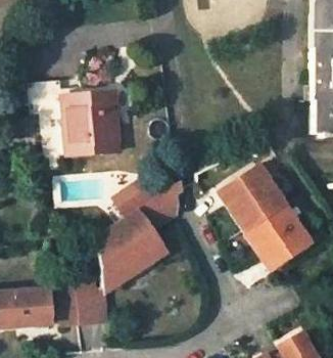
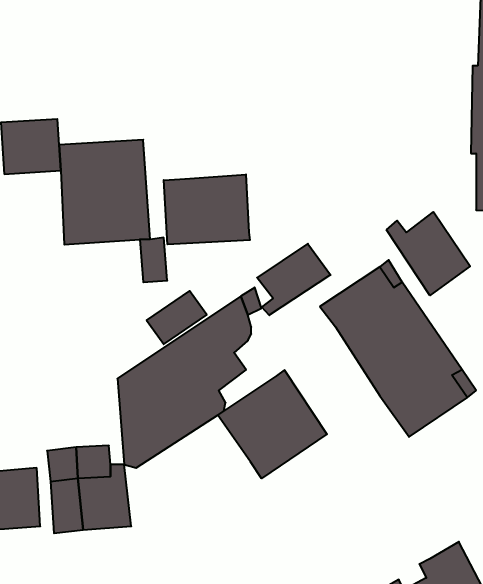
building: none -> [164,174,250,244]
building: none -> [387,212,470,295]
building: none -> [257,244,331,315]
building: none -> [218,370,327,478]

